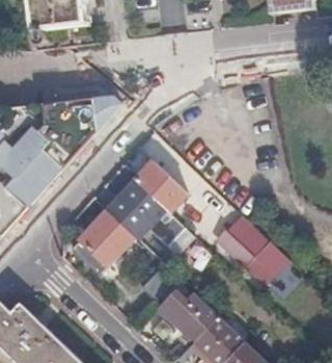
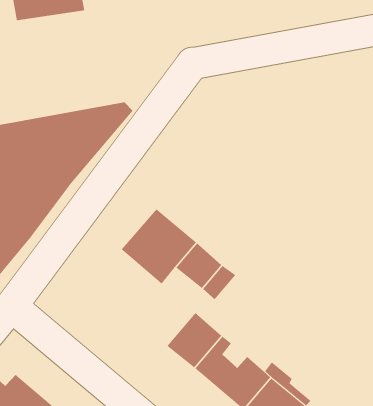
building: [134,160,185,211] -> none
building: [72,209,133,270] -> none
building: [217,215,286,276] -> none

